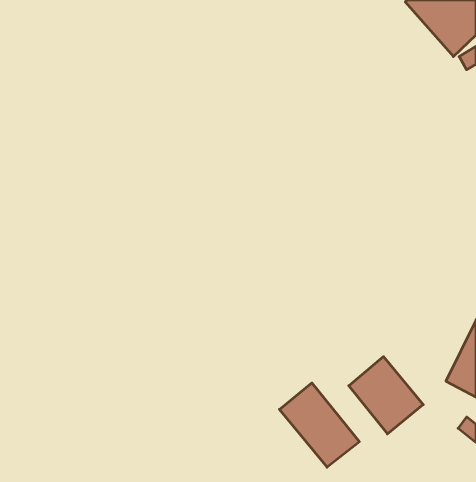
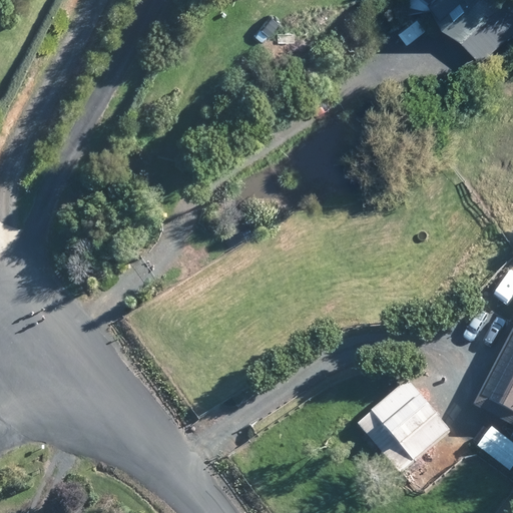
building: [279,383,359,467] -> none

